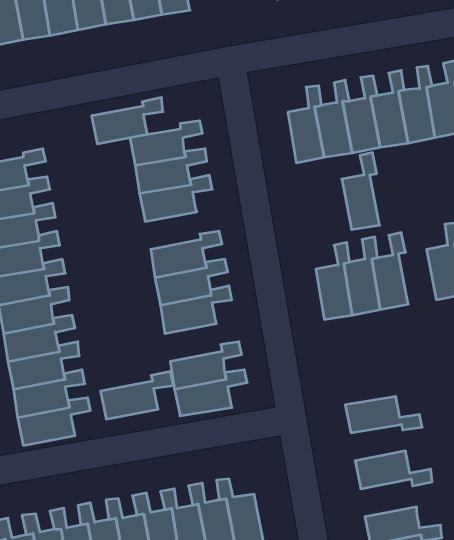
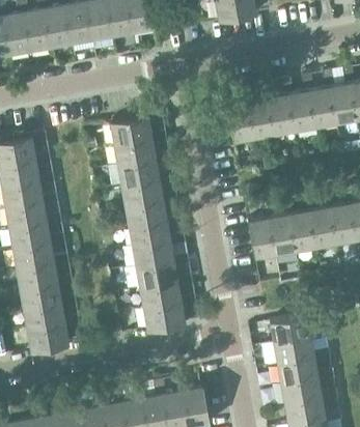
building: [92,98,163,144] -> [120,173,173,207]
building: [342,153,380,230] -> [308,191,336,248]
building: [101,371,173,419] -> [135,255,189,290]
building: none -> [273,337,330,364]
building: none -> [280,377,337,405]

